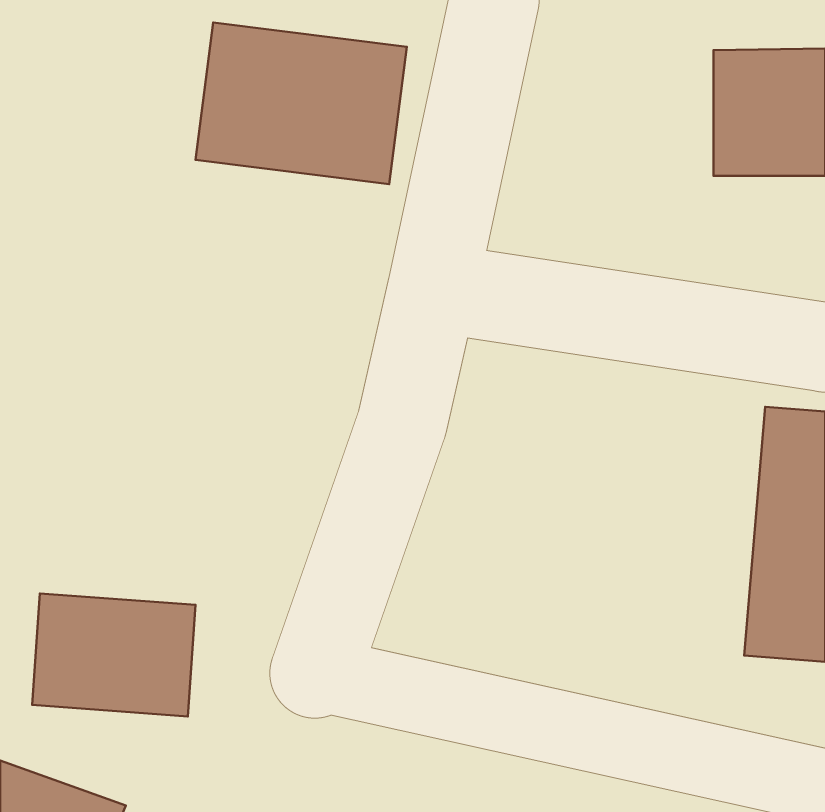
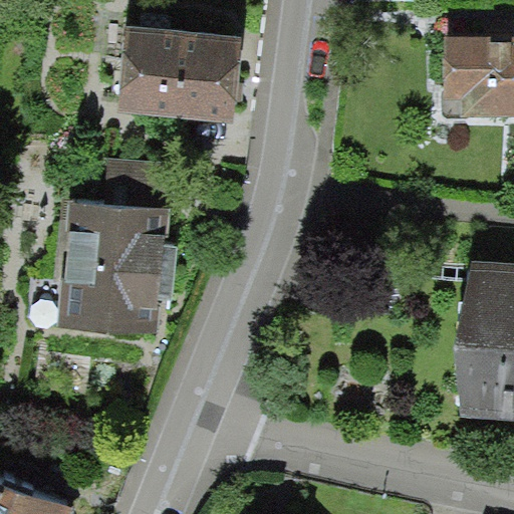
building: none -> [62,166,164,348]
building: [32,593,195,716] -> none

